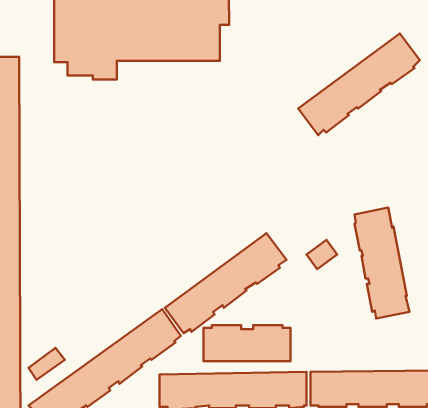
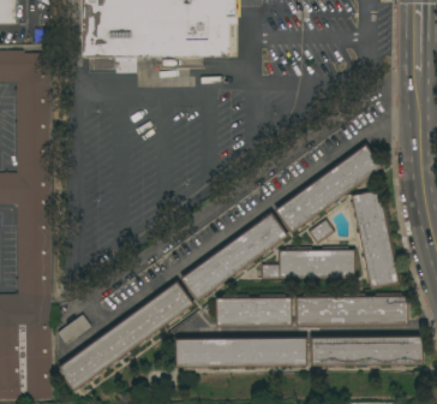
building: [298,34,420,135] -> [273,143,382,234]
building: none -> [259,246,354,279]
building: none -> [294,293,408,326]

